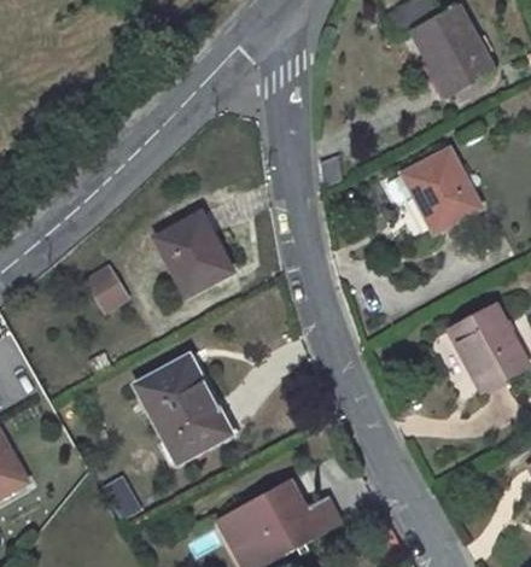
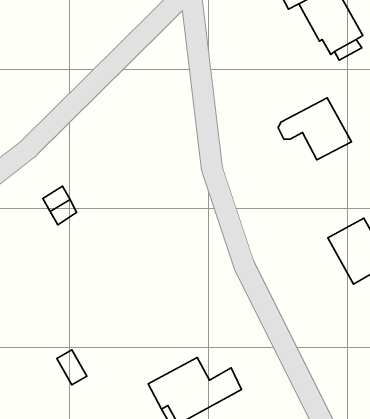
building: [154,215,232,294] -> none
building: [136,356,231,461] -> none

